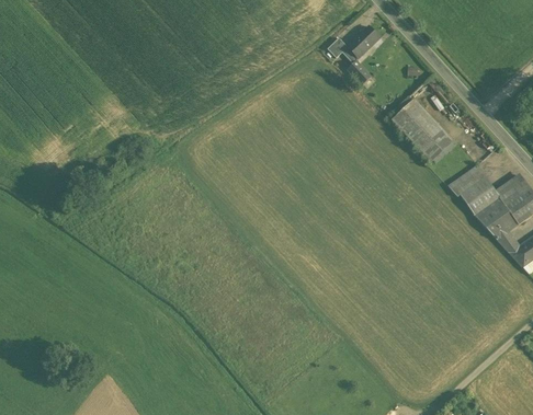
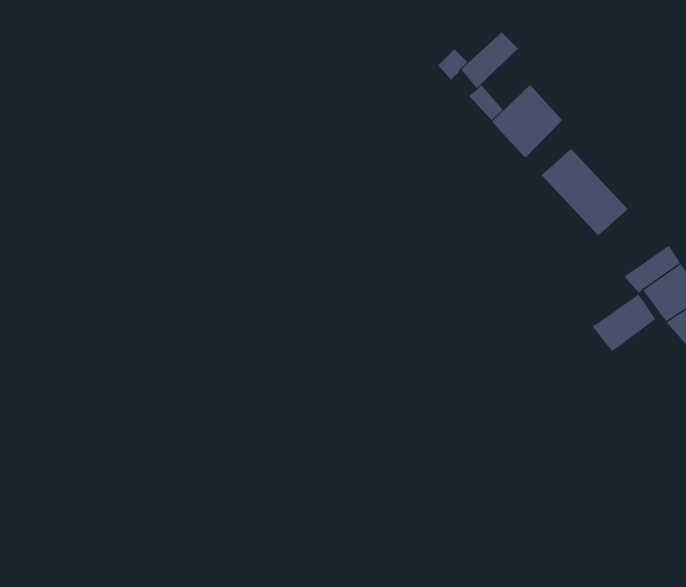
building: none -> [491,84,563,158]
building: none -> [592,294,656,353]

